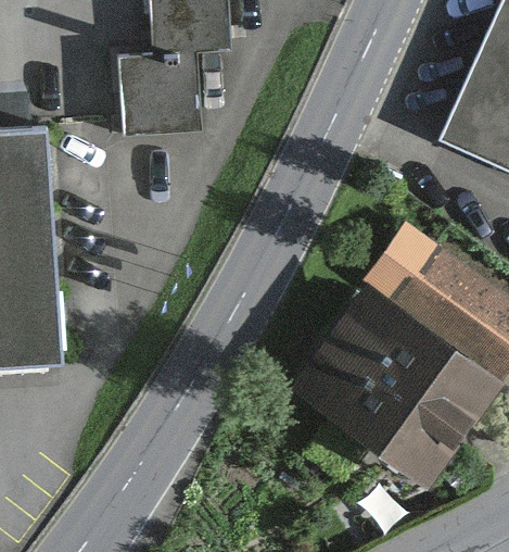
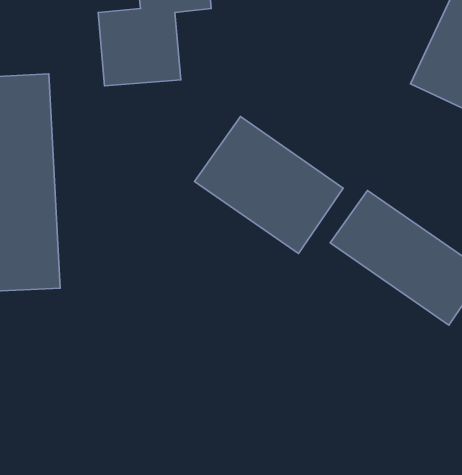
building: none -> [195,116,343,254]
building: [293,299,487,482] -> none

